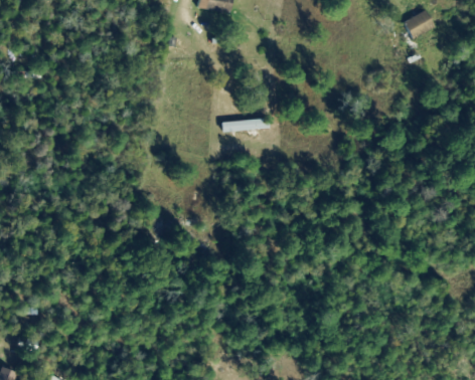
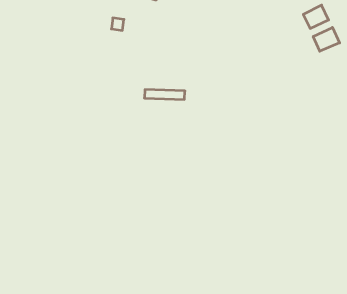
building: none -> [313,27,340,51]

